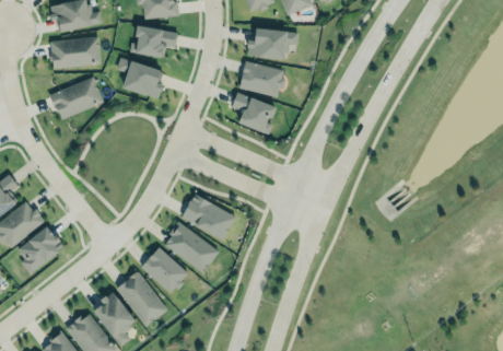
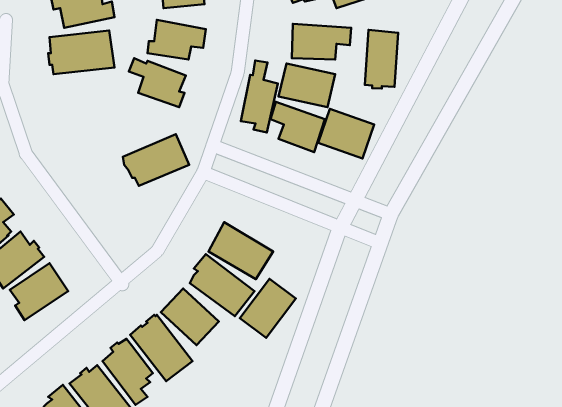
building: none -> [365,30,398,89]
building: none -> [241,60,278,132]
building: [49,78,104,120] -> [123,134,189,186]
building: none -> [318,109,374,159]
building: none -> [240,279,296,338]

